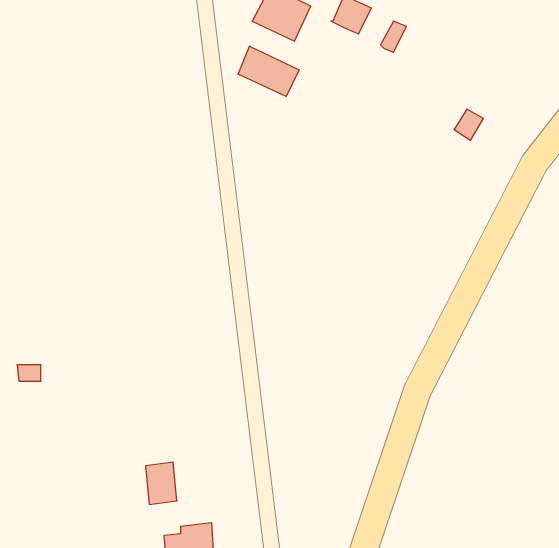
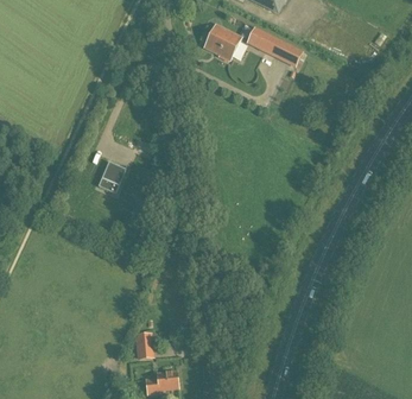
building: [238,46,299,97] -> none
building: none -> [97,160,126,192]

